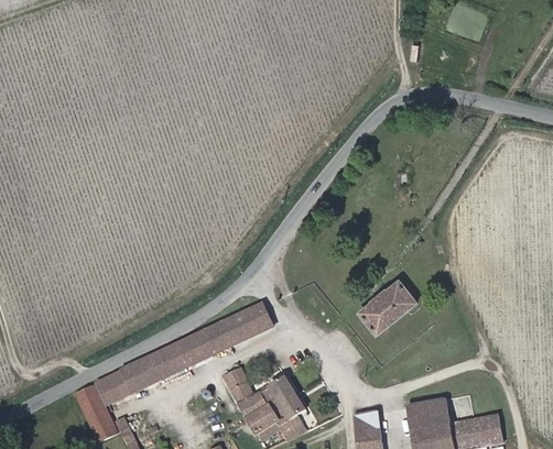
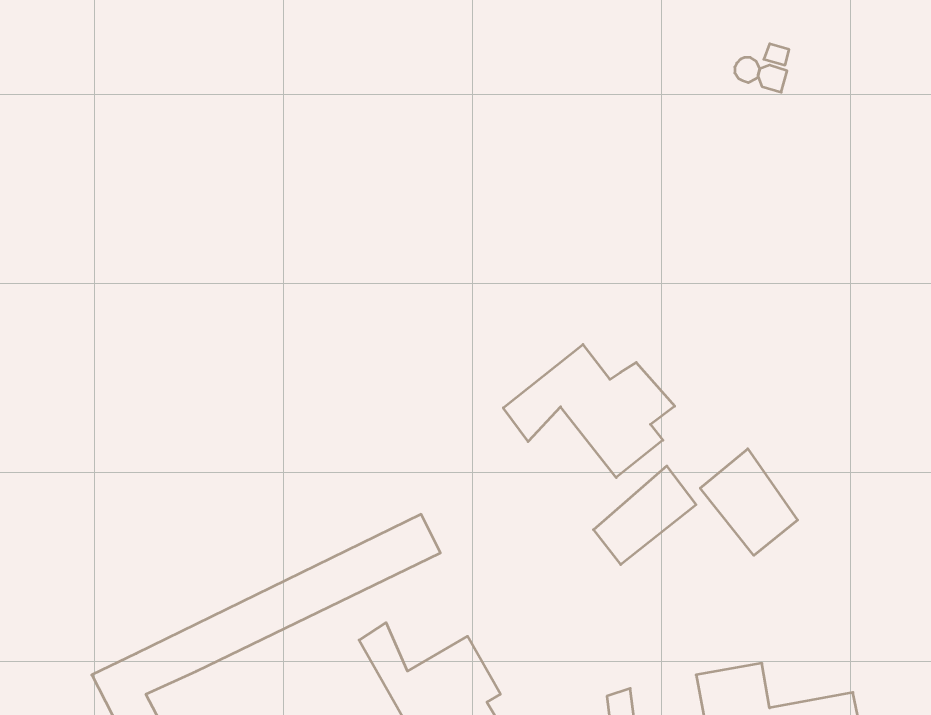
building: none -> [503,344,675,478]
building: none -> [700,449,798,555]

